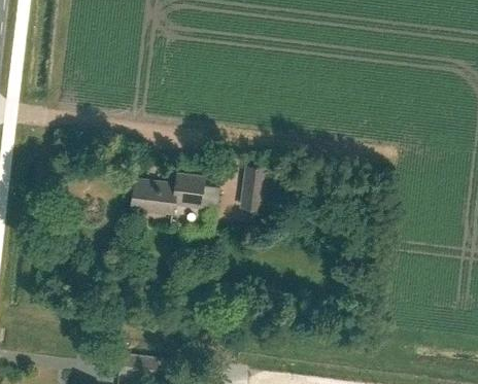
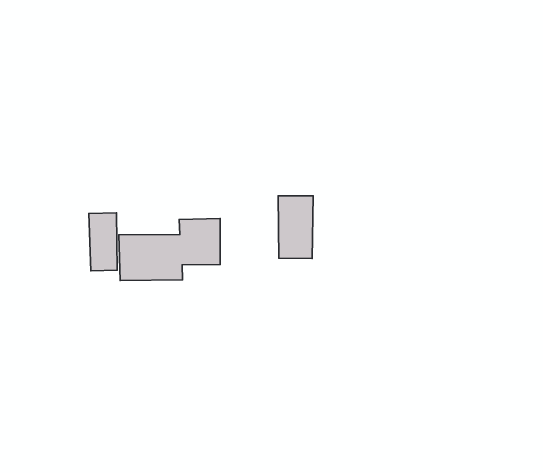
building: none -> [89,213,117,271]

